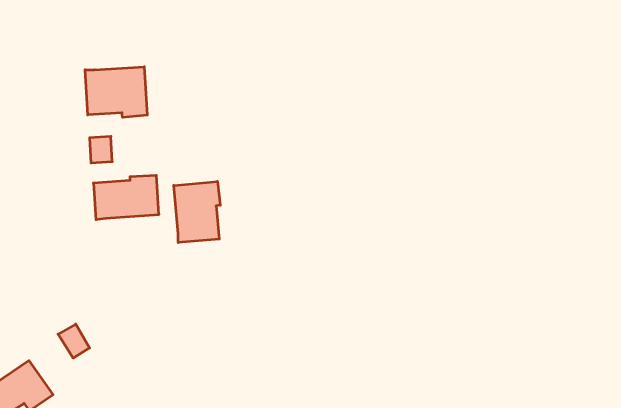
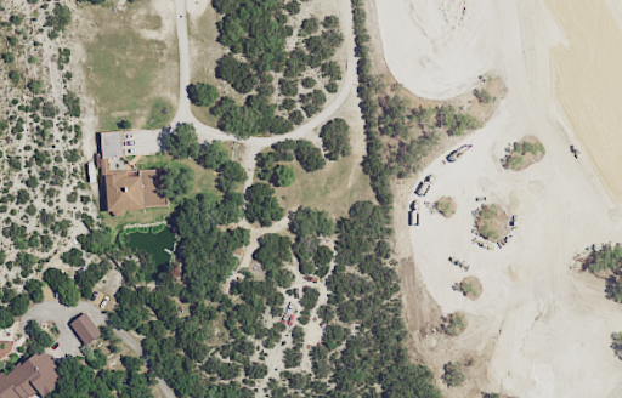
building: [85,67,147,117] -> none
building: [174,181,220,243] -> none

